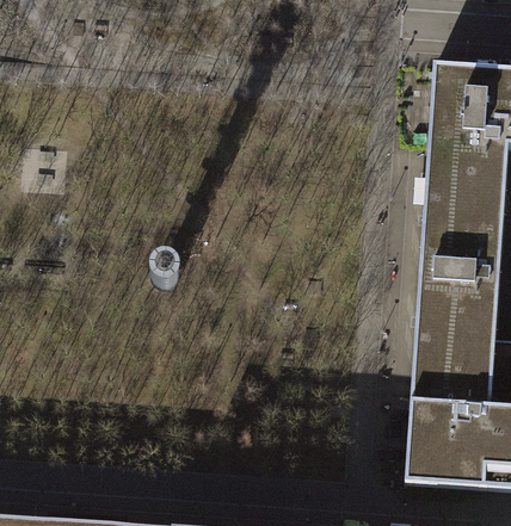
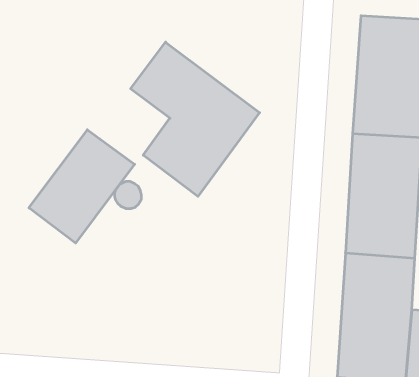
building: none -> [131,42,260,196]
building: none -> [29,130,135,243]

